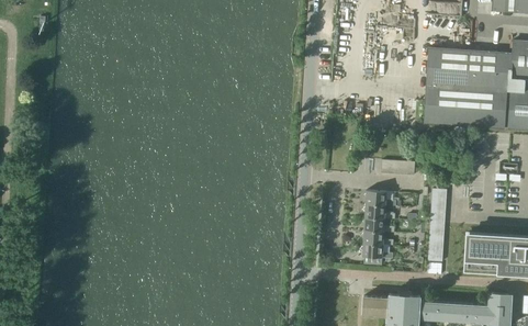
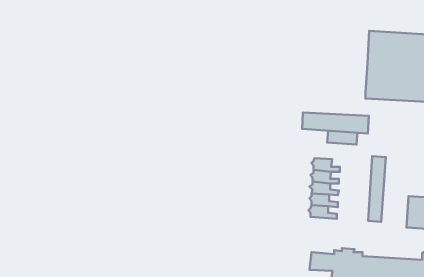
building: none -> [302,112,369,133]

